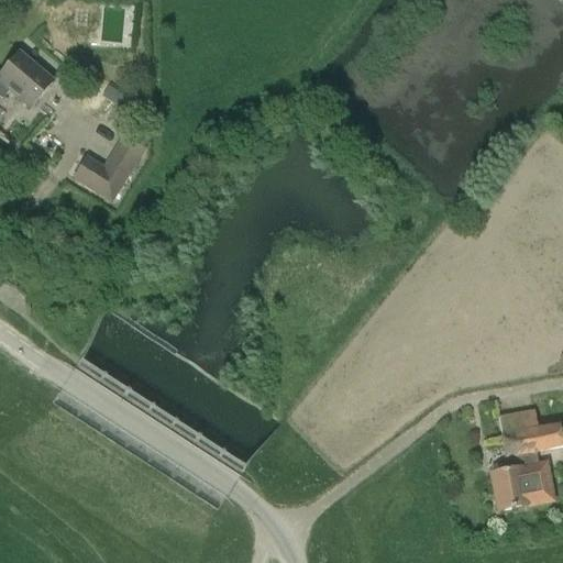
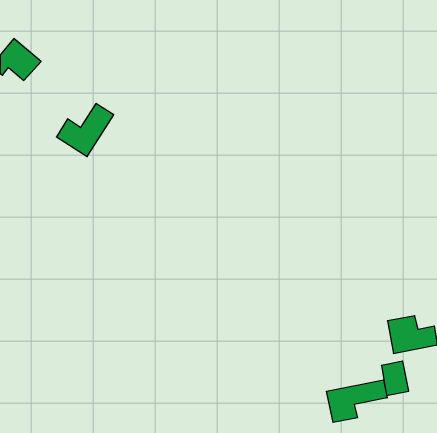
building: [518,460,554,503] -> none
building: none -> [327,380,387,422]

